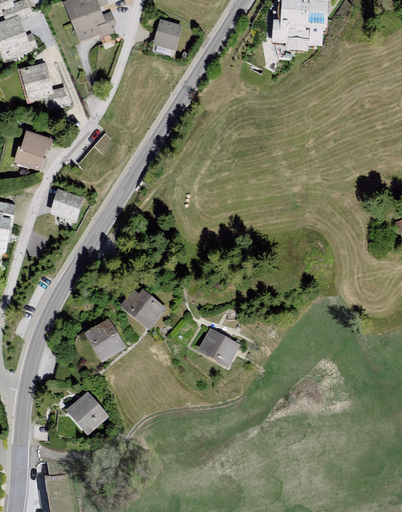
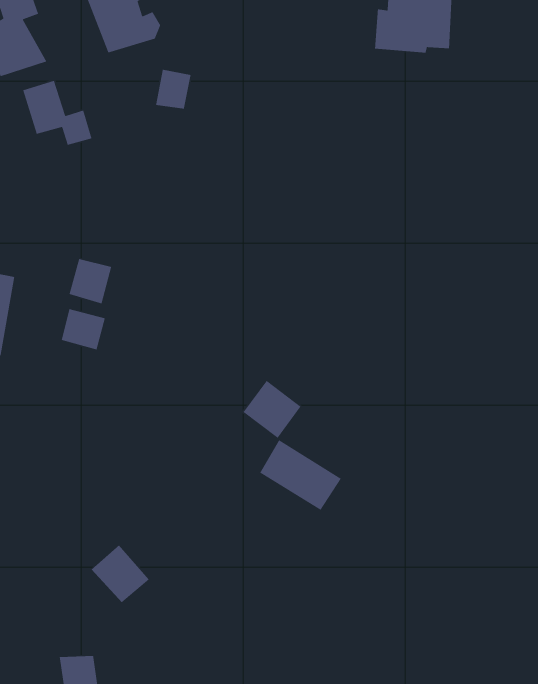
building: [153,19,179,48] -> [155,69,191,110]
building: [15,131,49,170] -> none
building: none -> [61,308,106,351]
building: [126,287,168,329] -> [243,380,302,439]
building: [85,318,124,360] -> none

